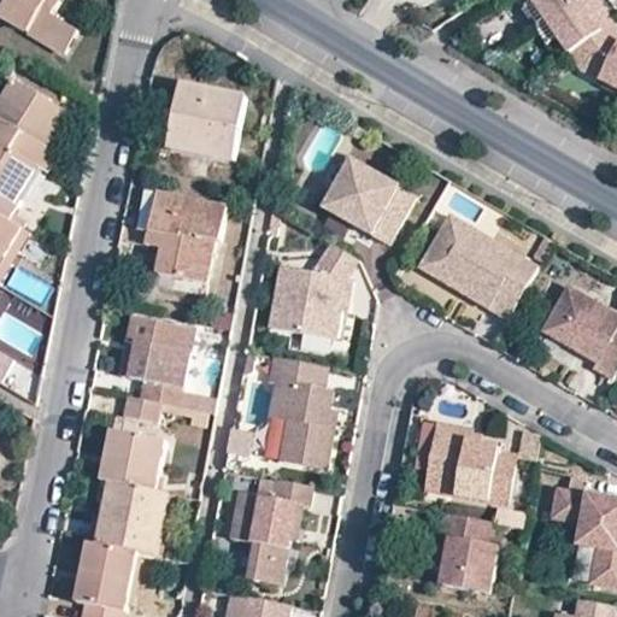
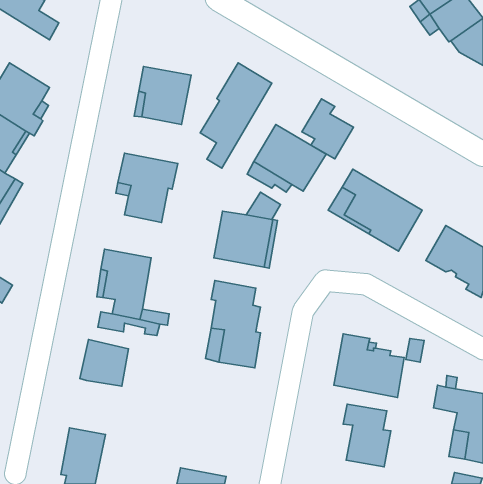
building: none -> [200,63,272,168]
building: none -> [302,99,353,159]
building: [228,476,310,581] -> none
building: [88,482,168,556] -> none

